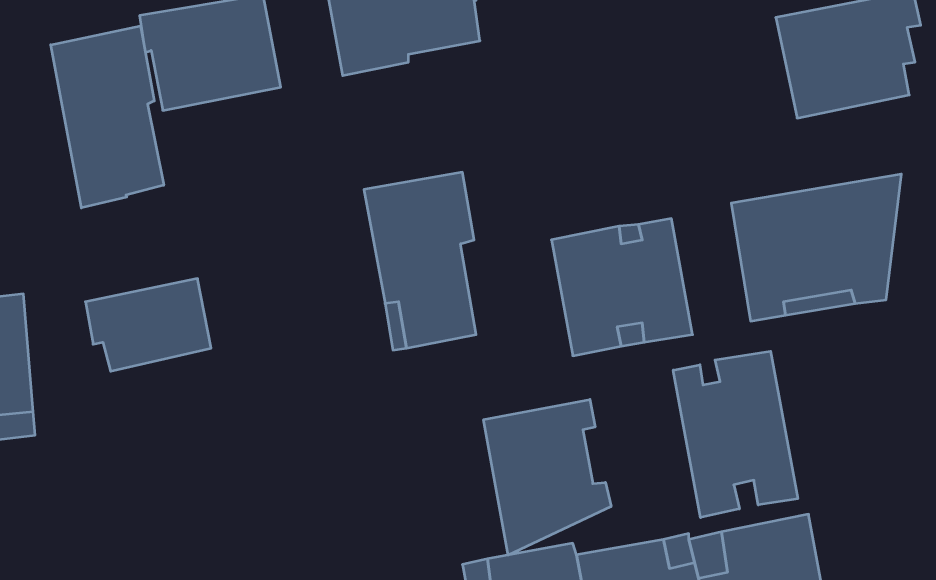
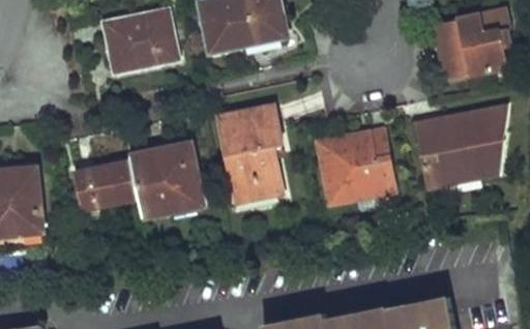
building: [51,26,164,208] -> none
building: none -> [127,147,200,217]
building: [673,351,798,518] -> none
building: [484,399,611,555] -> none

